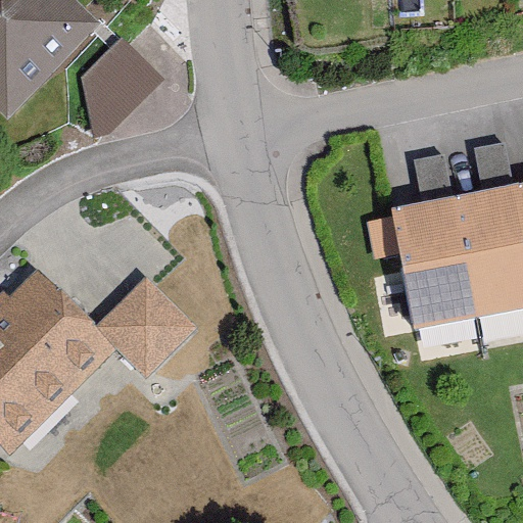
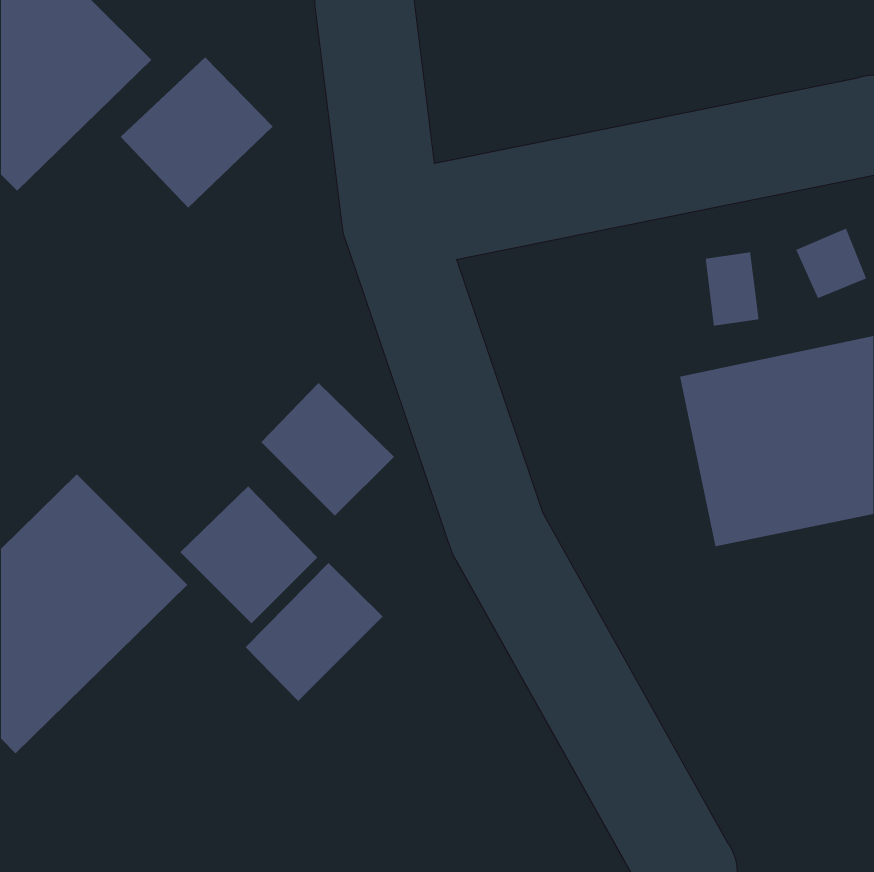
building: none -> [260,382,395,517]
building: none -> [245,562,383,702]

